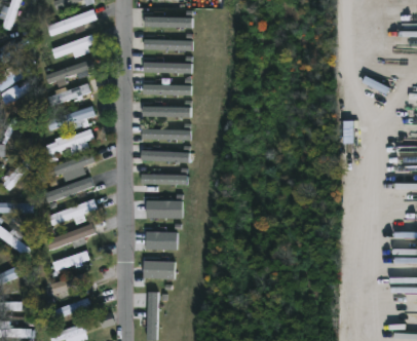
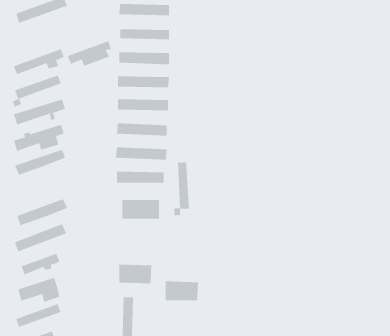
building: [51,35,93,60] -> [67,40,112,67]
building: none -> [174,162,190,216]
building: [45,181,86,209] -> none
building: [146,231,178,250] -> [165,281,199,301]

